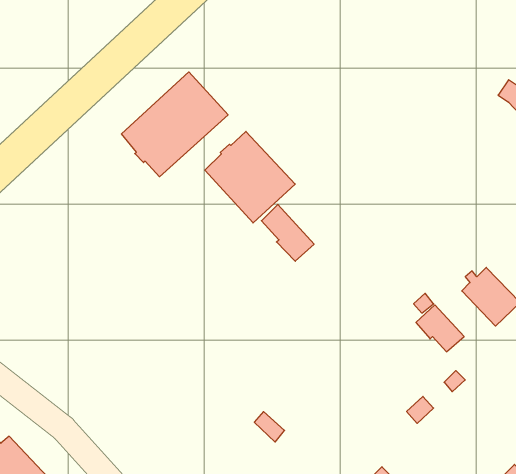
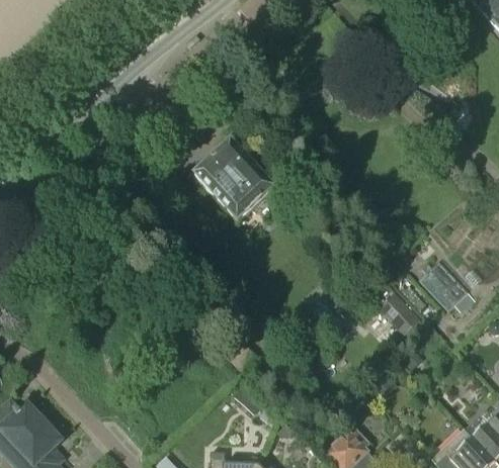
building: [121,72,228,177] -> none
building: [261,204,314,261] -> none

